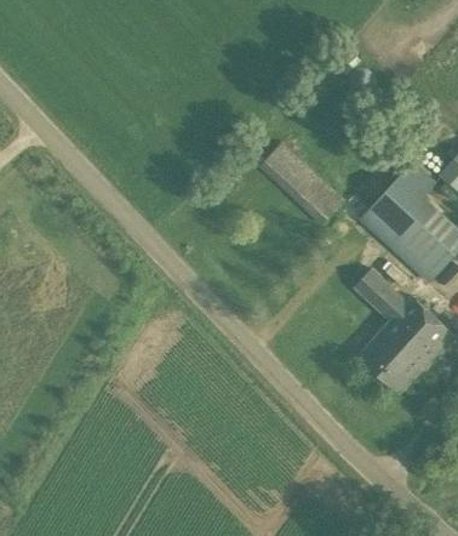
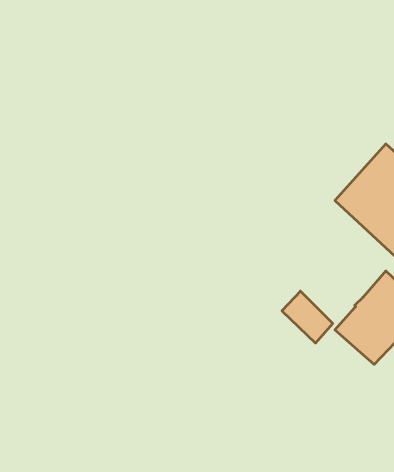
building: [258,141,344,226] -> none
building: [353,267,406,321] -> [282,291,333,343]

